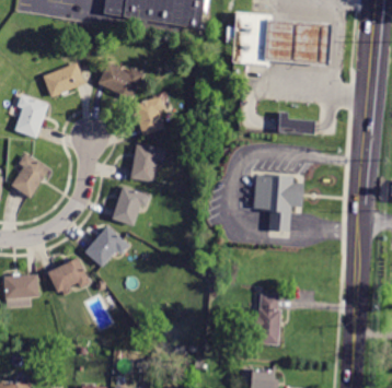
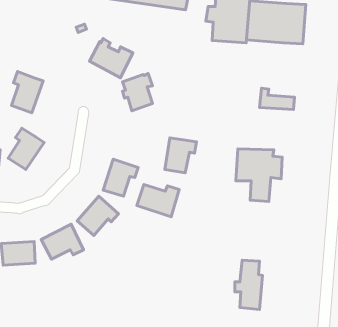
building: [43,62,85,97] -> none
building: [130,145,164,183] -> [165,138,197,173]
building: none -> [137,184,179,217]

